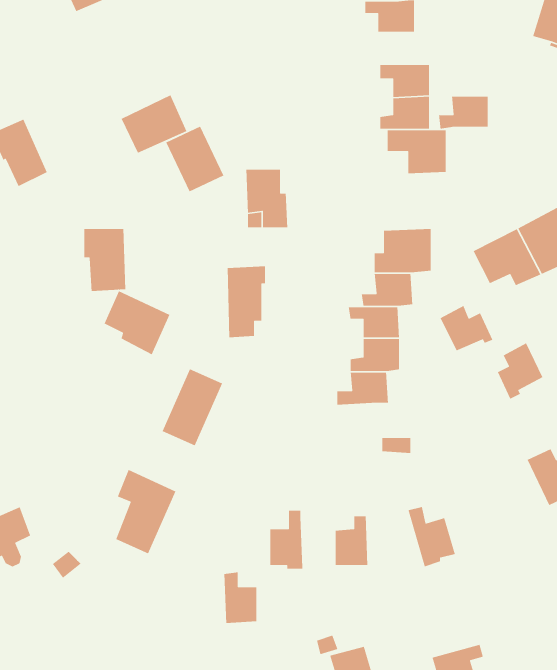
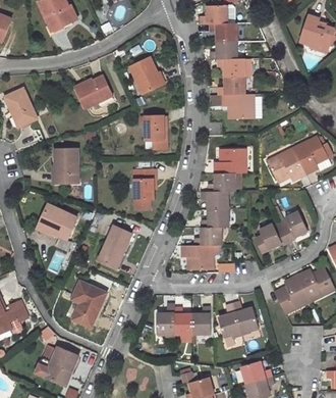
building: [438,96,488,129] -> [209,42,236,60]
building: [165,125,225,192] -> [129,57,162,94]
building: [104,290,171,355] -> [40,204,76,240]
building: [440,305,494,351] -> [259,223,288,249]
building: none -> [180,245,214,270]
building: none -> [275,276,310,314]
building: none -> [218,303,241,338]
building: [224,572,257,624] -> [174,306,192,335]
building: none -> [45,347,78,385]
building: none -> [241,361,272,384]

